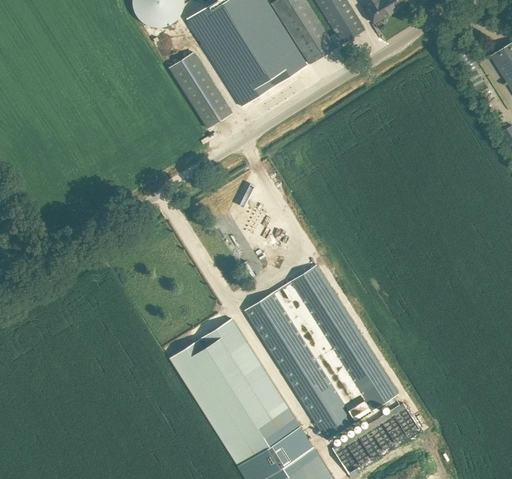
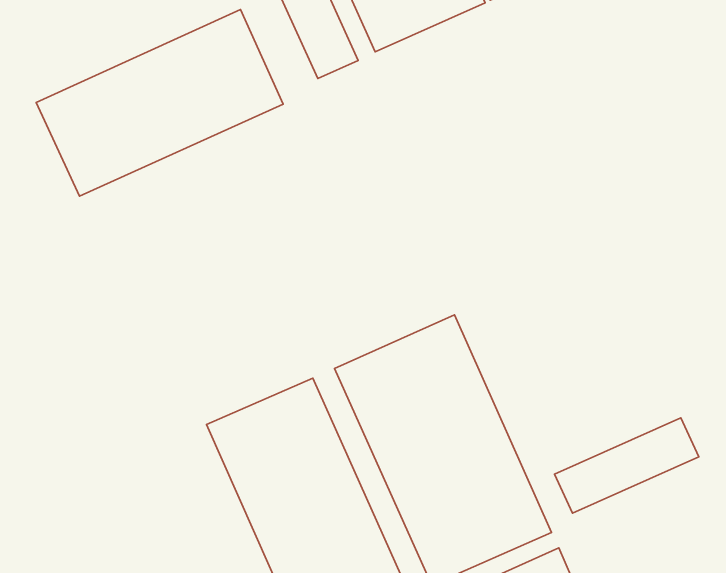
building: none -> [36,9,283,196]
building: none -> [555,418,699,513]

